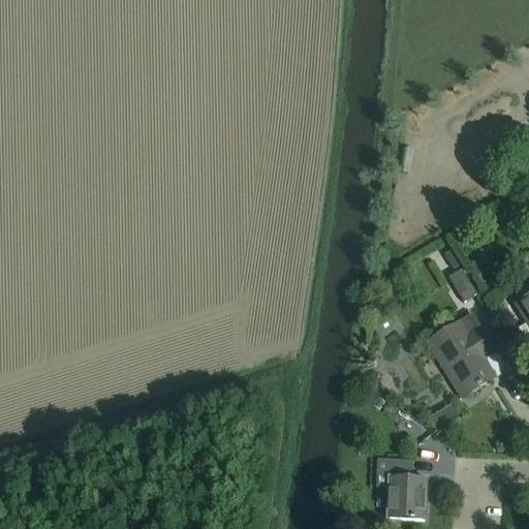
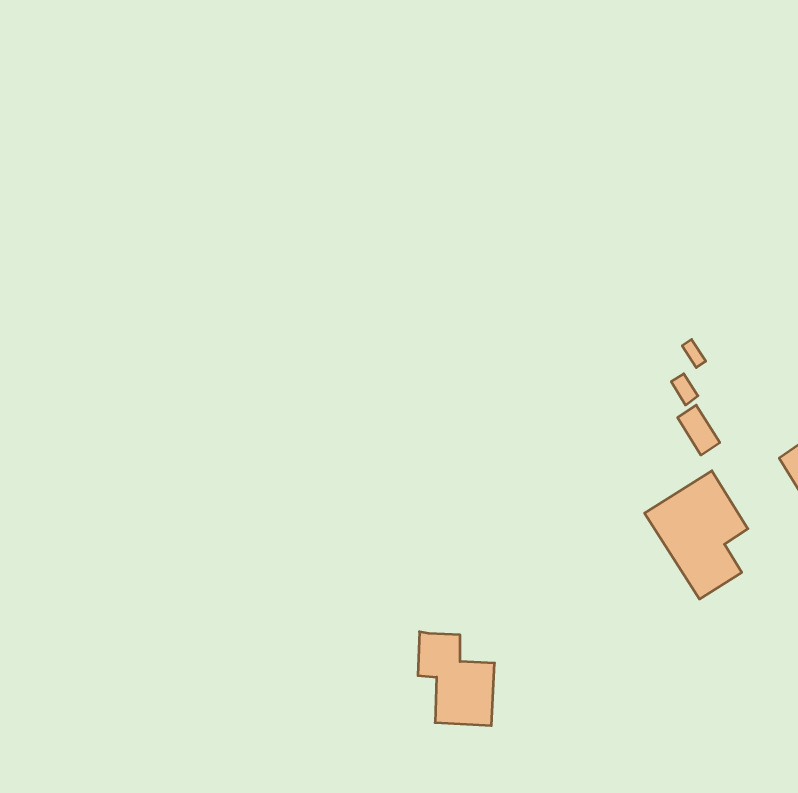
building: [376,457,427,519] -> [418,632,495,726]

